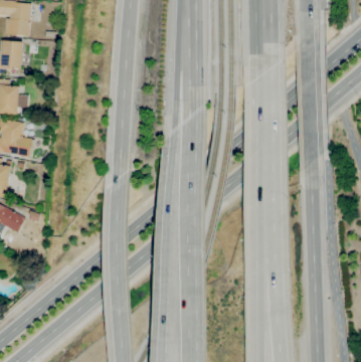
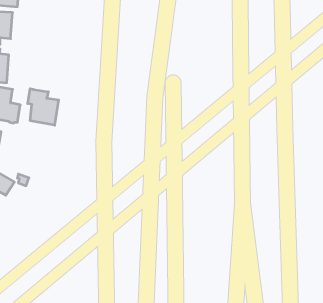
building: none -> [28,89,59,125]

